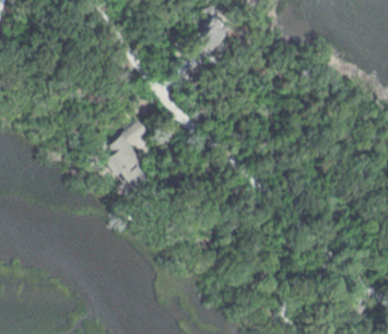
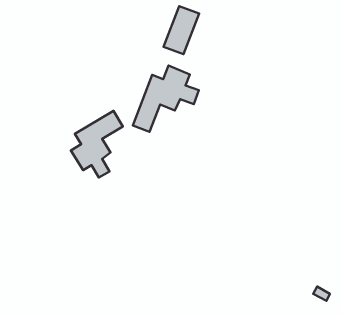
building: none -> [133,65,199,132]

